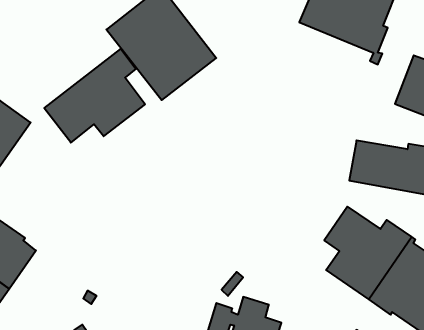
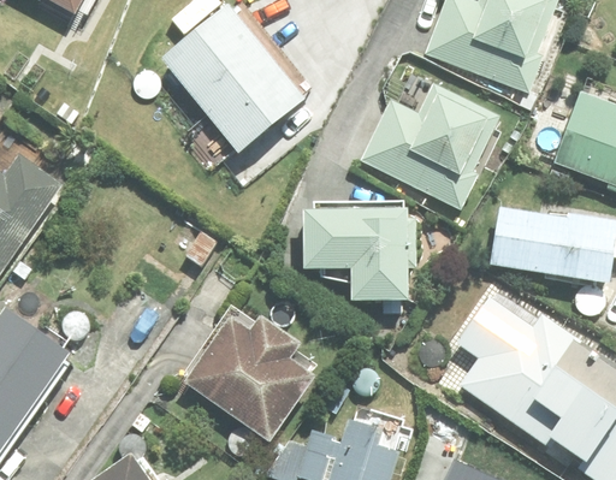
building: none -> [359,82,499,207]
building: [44,49,145,143] -> none
building: none -> [303,212,414,302]
building: none -> [184,318,314,442]

